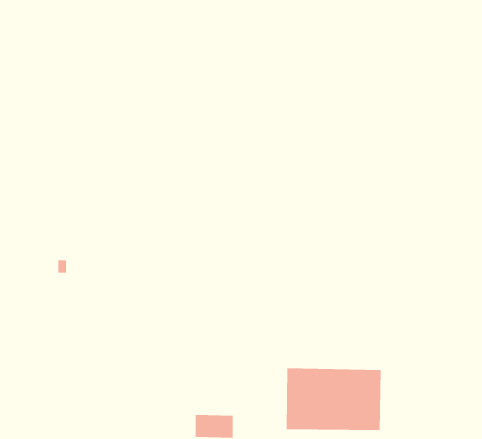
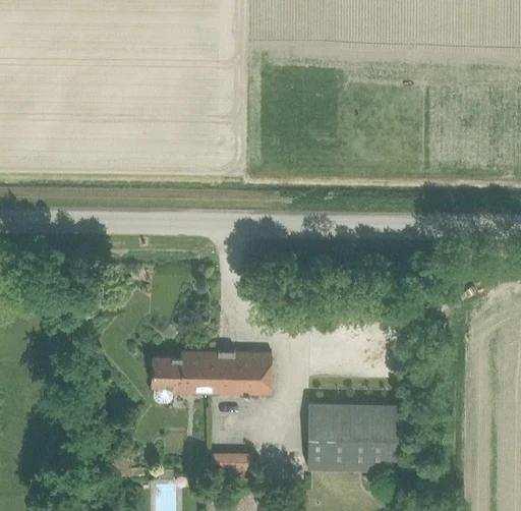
building: none -> [151,352,271,403]

